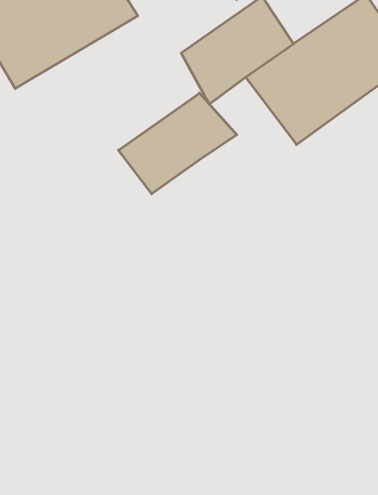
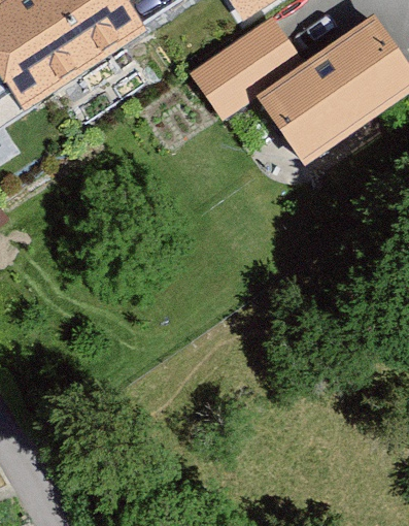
building: [118,93,237,194] -> none

